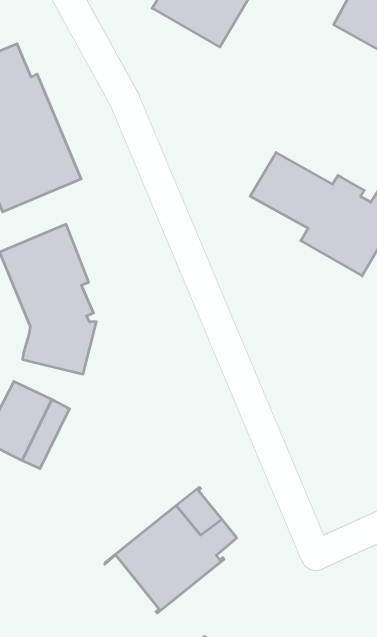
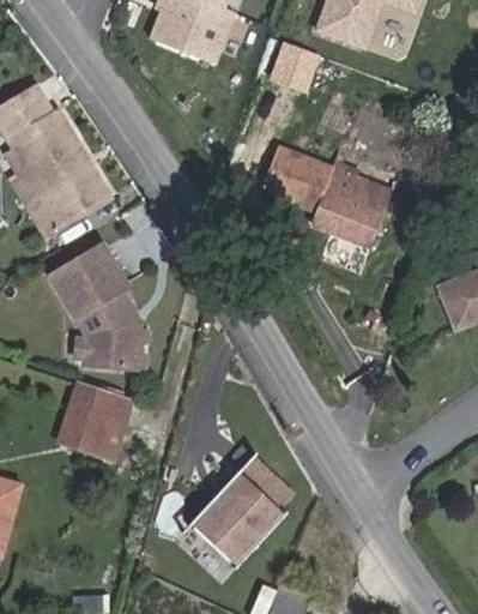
building: none -> [268,38,322,91]

